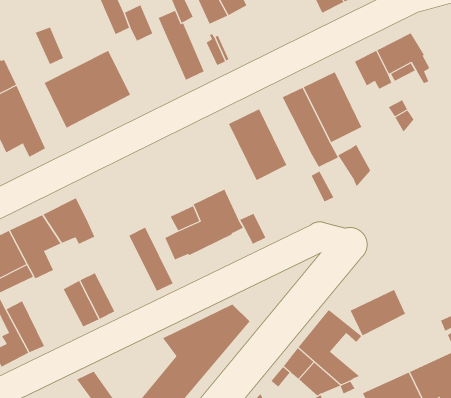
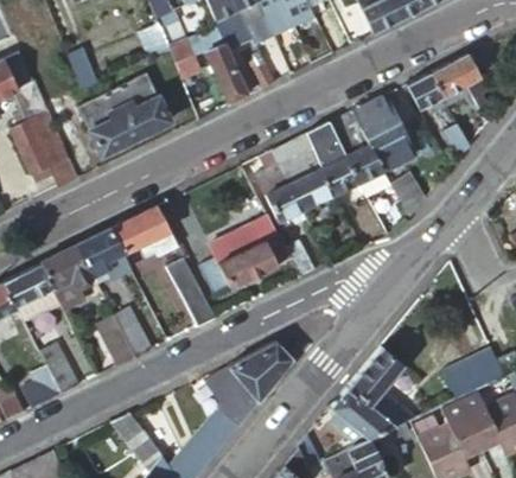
building: none -> [306,122,361,195]
building: none -> [257,151,302,222]
building: none -> [112,206,179,259]
building: [350,289,406,336] -> [441,350,501,400]

